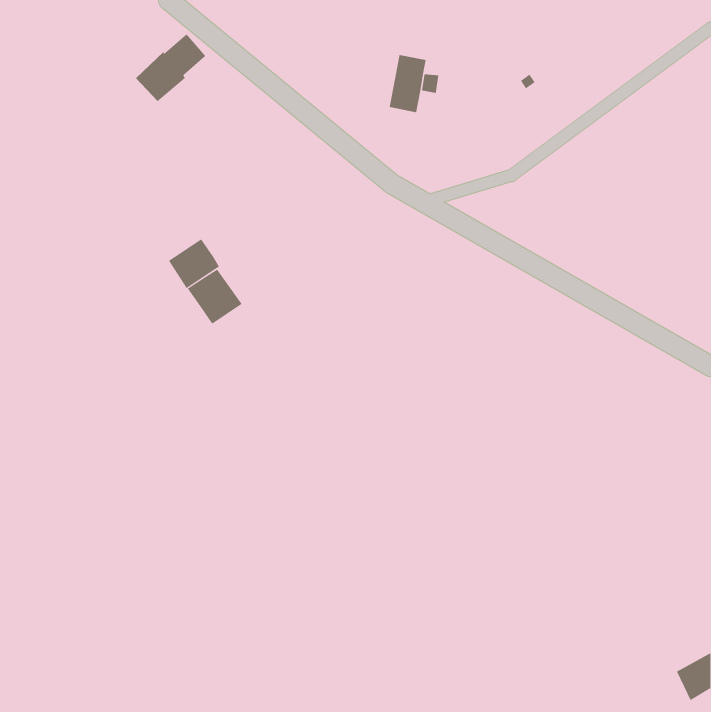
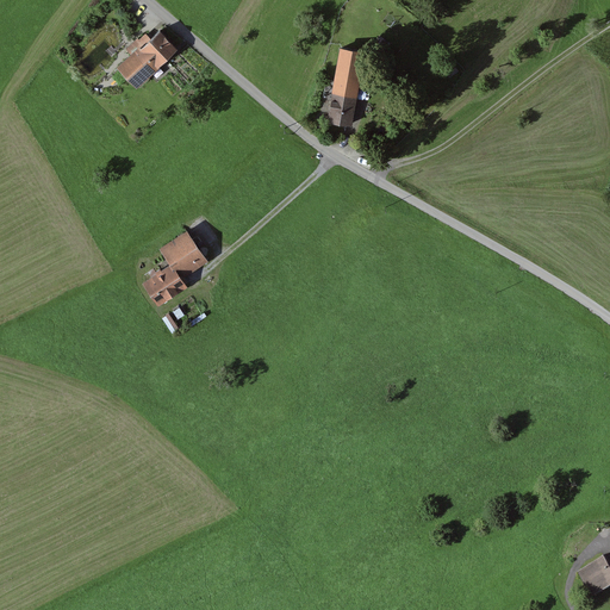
building: none -> [328,92,356,124]
building: [168,239,220,289] -> [142,262,186,305]

